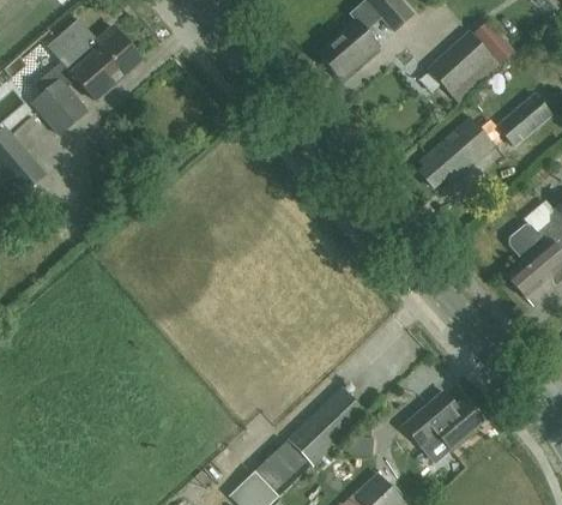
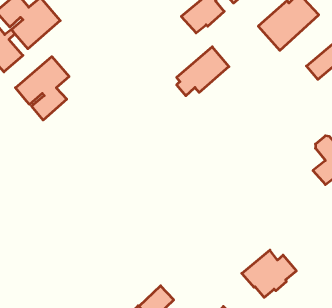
building: none -> [15,57,69,120]
building: [419,116,495,187] -> [177,47,229,96]
building: [289,389,365,464] -> none

